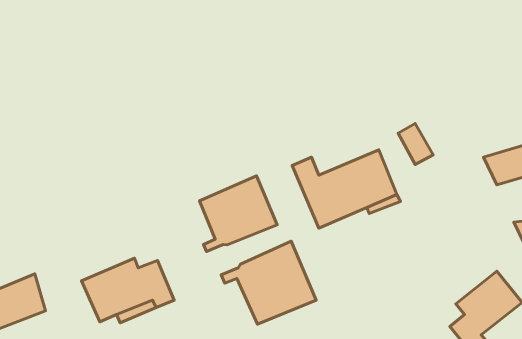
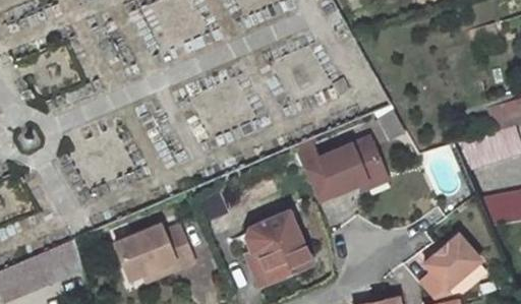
building: [200,176,277,251] -> none

